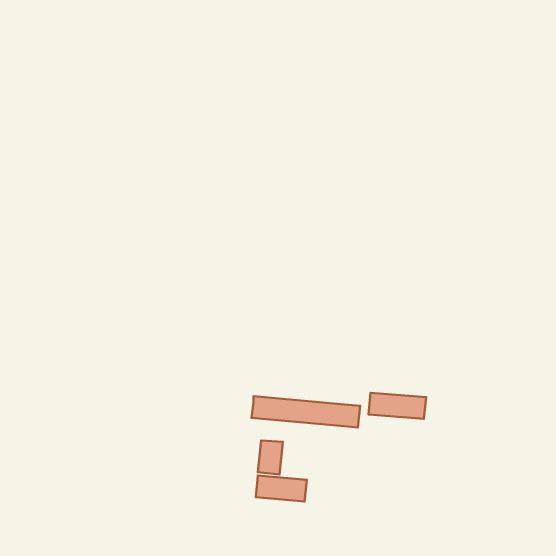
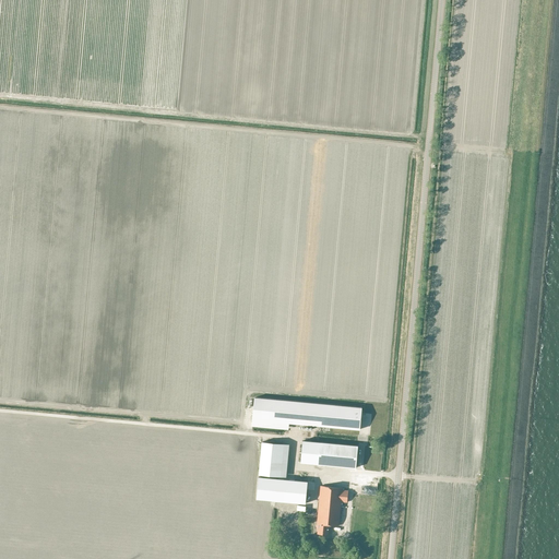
building: [368,393,426,419] -> [300,441,358,467]
building: none -> [317,486,348,535]

